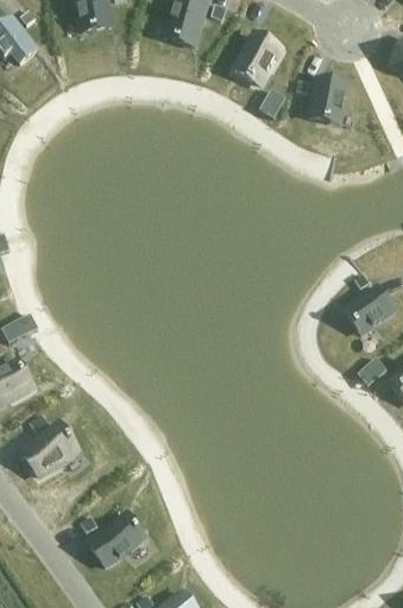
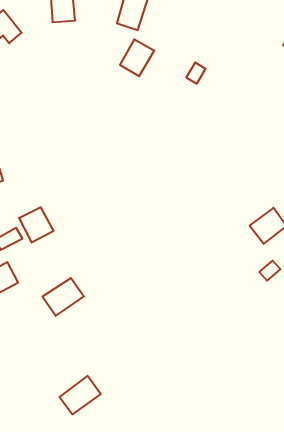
building: [234,34,281,84] -> [120,39,154,76]
building: [310,81,346,124] -> none
building: none -> [19,207,53,243]
building: [21,425,77,476] -> [43,278,84,316]

